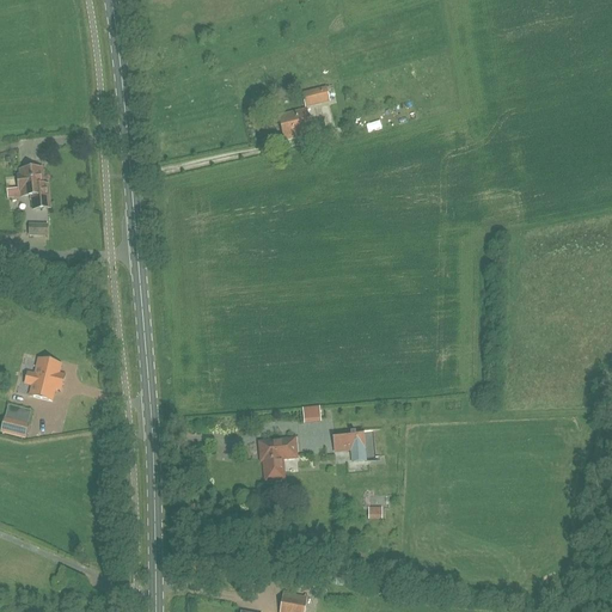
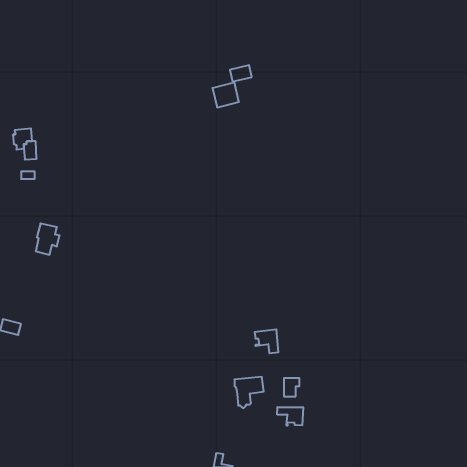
building: [32,359,63,399] -> [36,223,60,255]
building: [258,437,296,478] -> [234,377,264,408]
building: none -> [277,407,303,426]

